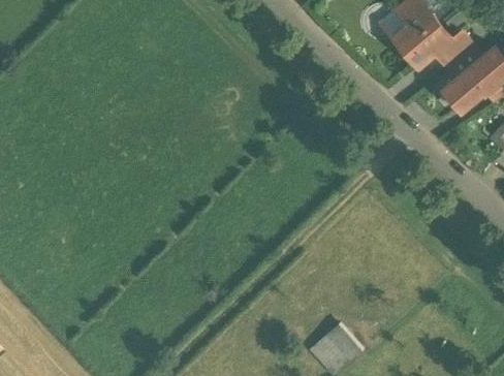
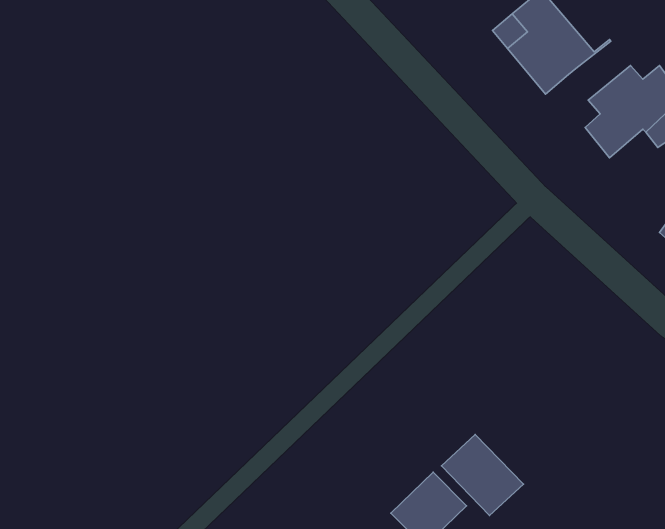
building: [432,30,474,70] -> none
building: none -> [441,434,523,516]

